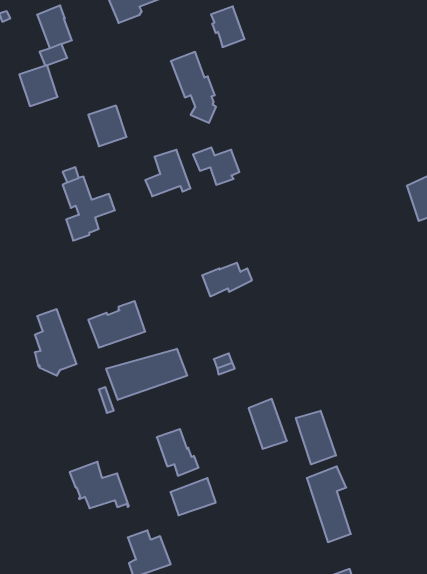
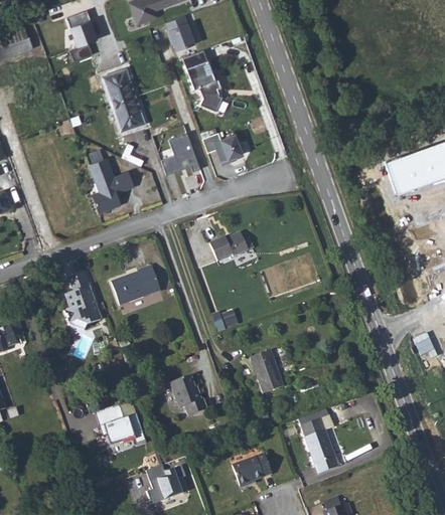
building: [211,6,245,47] -> [165,15,194,50]
building: [19,65,58,106] -> [102,68,135,104]
building: [106,349,187,400] -> none
building: [296,411,336,464] -> none
building: [170,478,216,515] -> [232,453,271,485]

